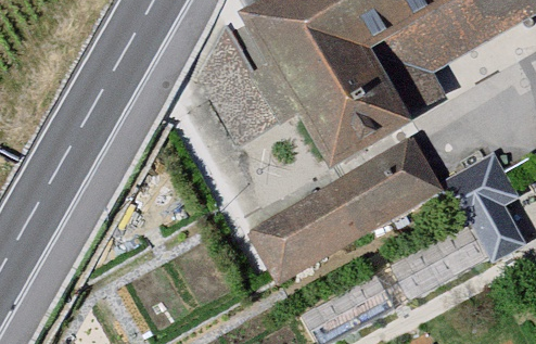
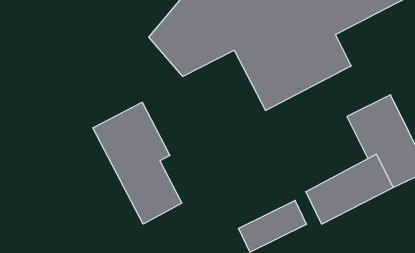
building: [247,140,441,280] -> none
building: none -> [93,102,182,224]

